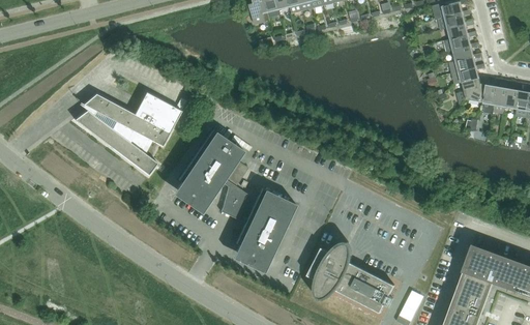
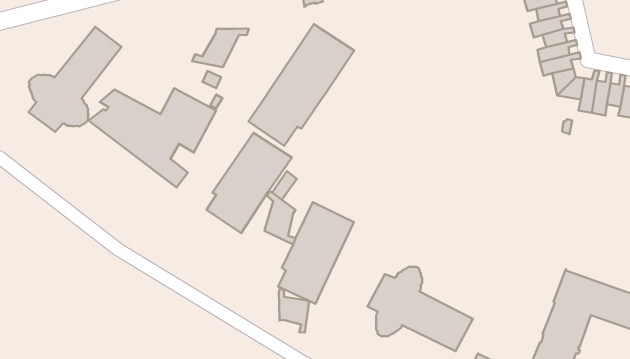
building: none -> [249,24,354,146]
building: none -> [29,27,122,132]
building: none -> [192,28,249,67]
building: none -> [279,289,309,332]

